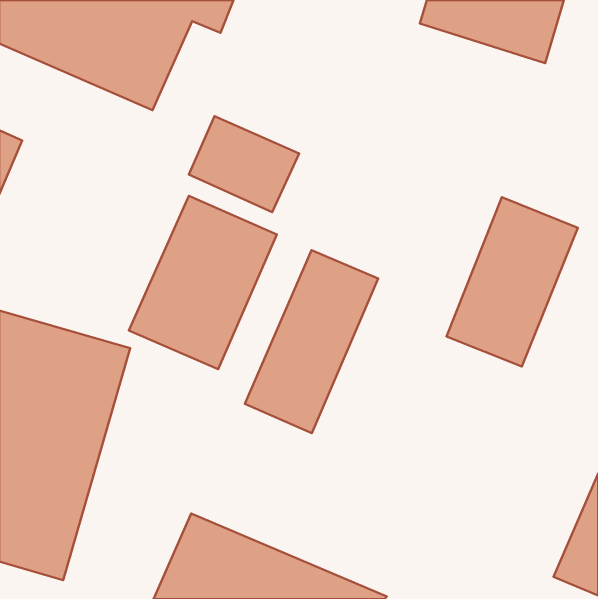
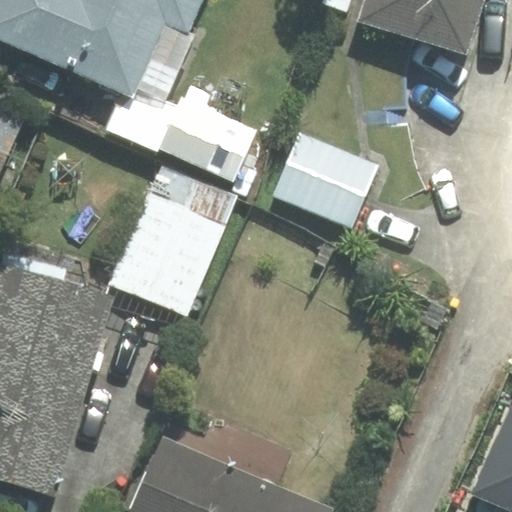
building: none -> [274,134,376,227]
building: [447,197,578,366] -> none
building: [245,250,378,433] -> none

